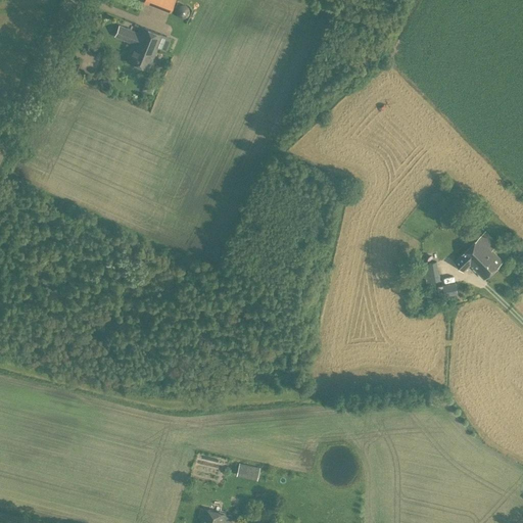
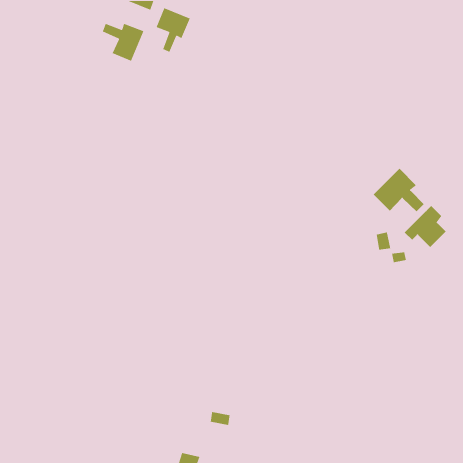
building: none -> [156,7,191,53]
building: none -> [373,168,424,212]

